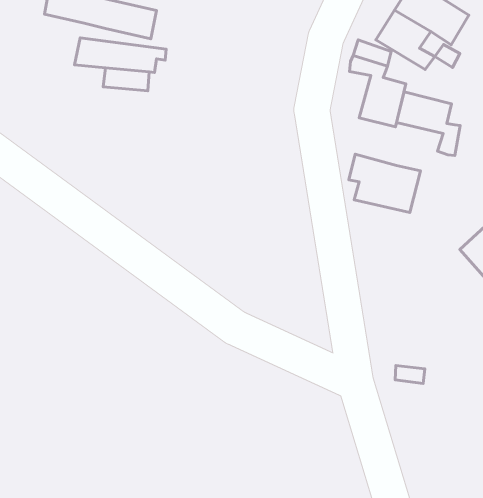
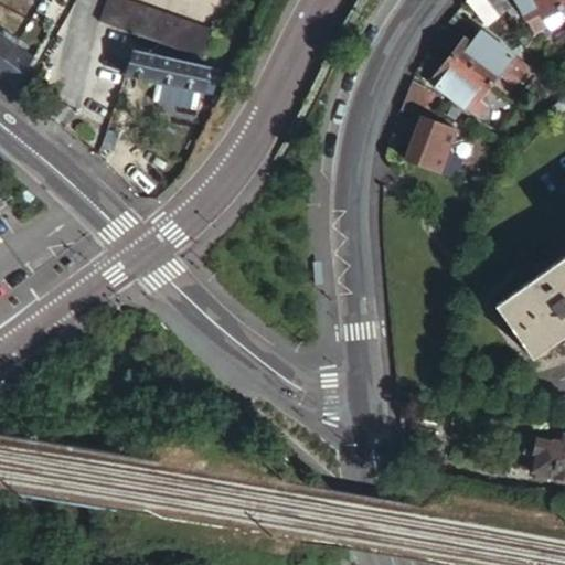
building: [396,92,460,156] -> none
building: [349,154,421,213] -> none

